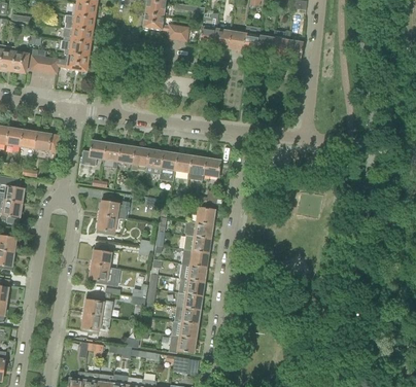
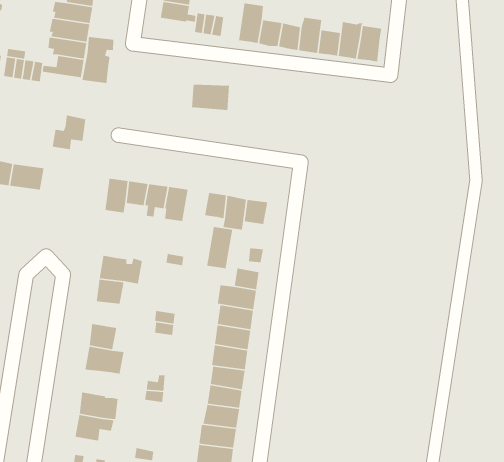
building: none -> [81,36,114,84]
building: [81,139,106,165] -> [52,115,86,150]
building: [159,150,178,181] -> [206,226,233,269]

